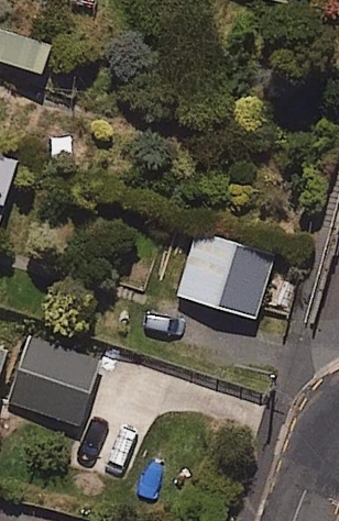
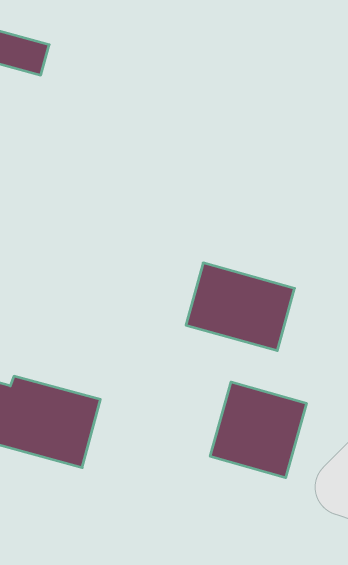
building: none -> [210,382,306,478]

